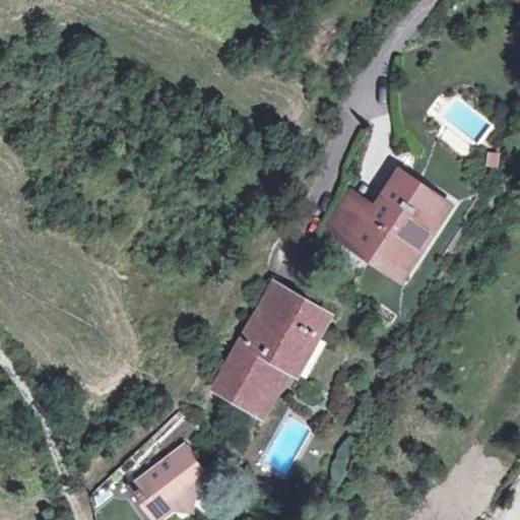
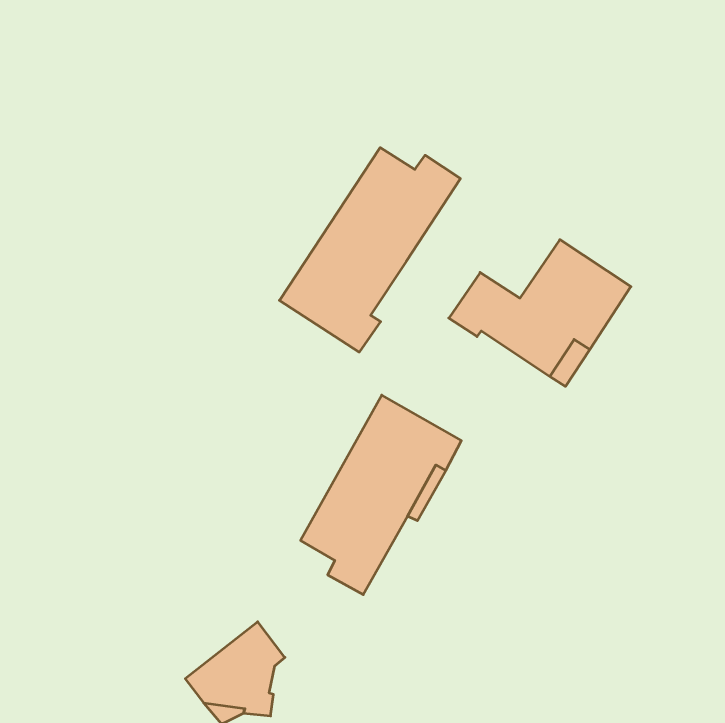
building: none -> [279,148,460,352]

